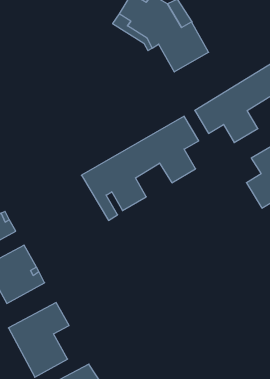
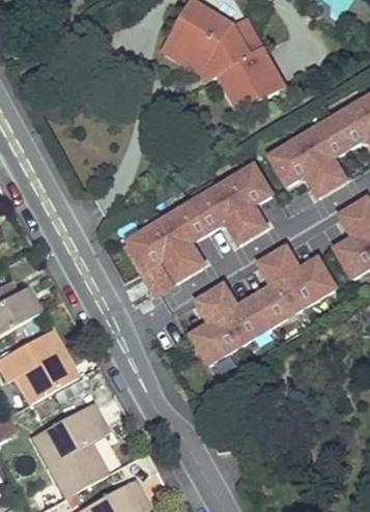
building: none -> [186,248,338,371]

